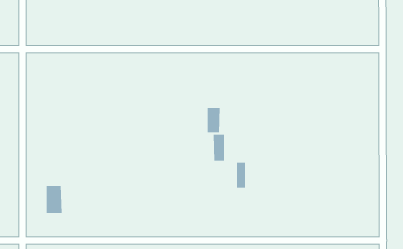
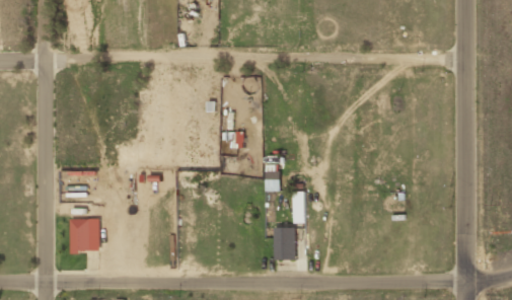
building: [207,107,220,133] -> none
building: none -> [274,227,295,260]

